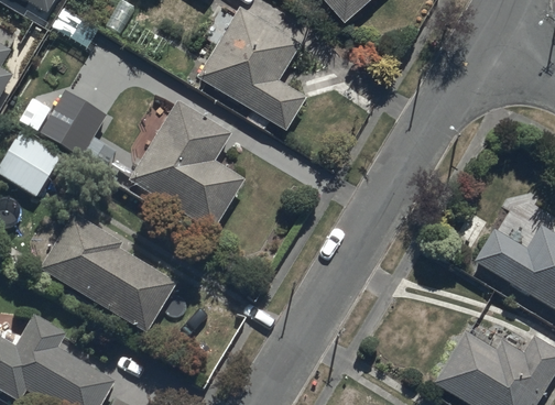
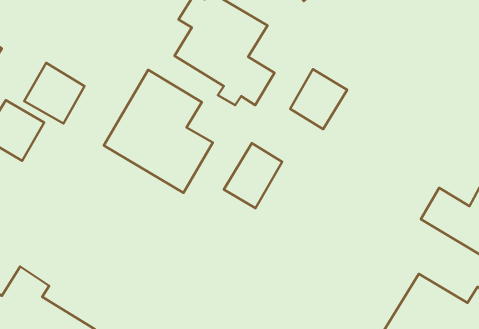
building: none -> [290,69,347,129]
building: none -> [224,143,282,208]
building: [39,211,175,331] -> none

